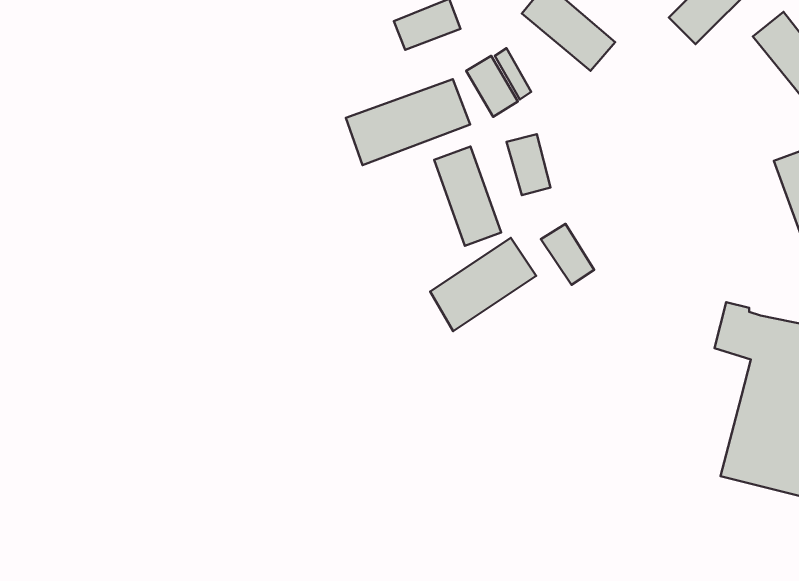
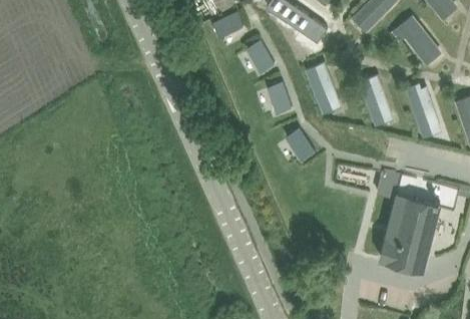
building: [346,79,470,165] -> none
building: none -> [359,75,394,127]
building: [434,147,501,246] -> [306,62,341,114]
building: [430,238,536,331] -> none

